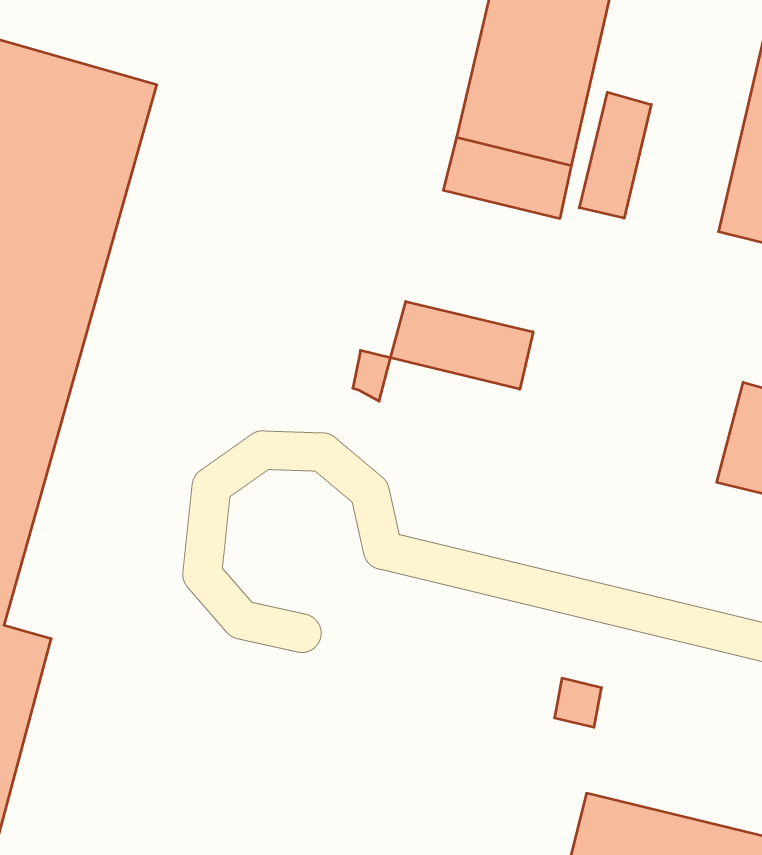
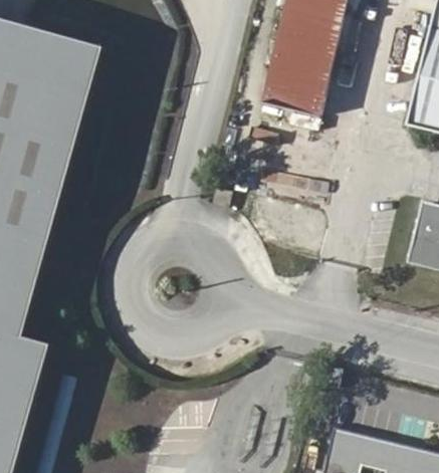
building: [579,92,651,218] -> none
building: [390,301,533,389] -> none

